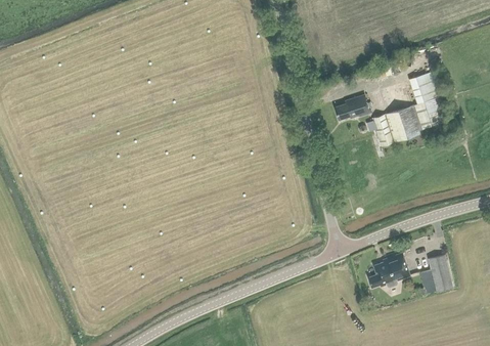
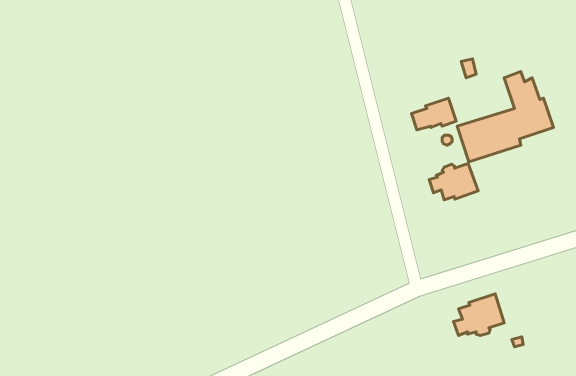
building: none -> [429,163,478,200]
building: [419,253,452,294] -> none

